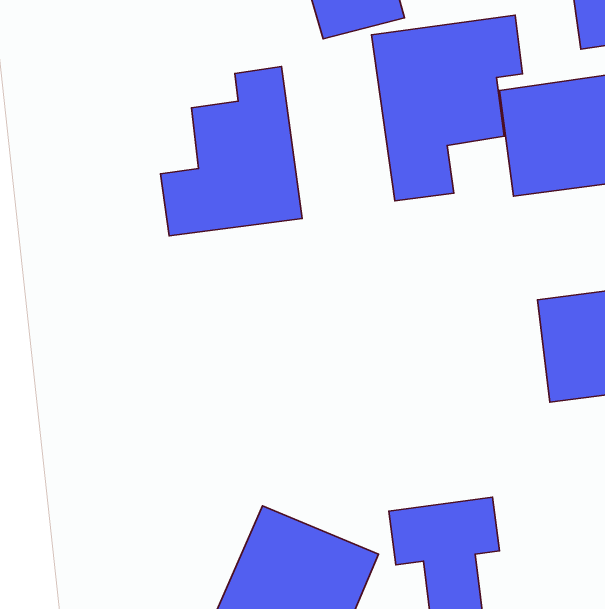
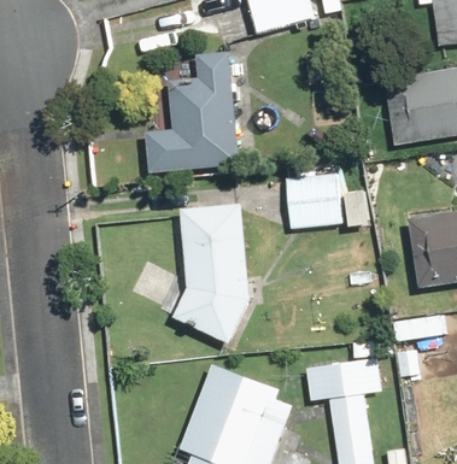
building: [371,15,523,201] -> none
building: none -> [281,168,345,229]
building: none -> [174,206,252,345]

